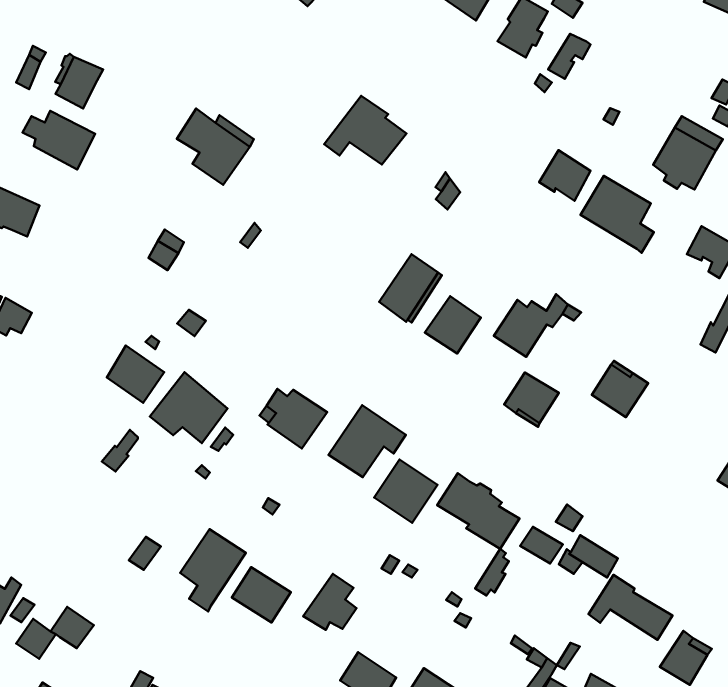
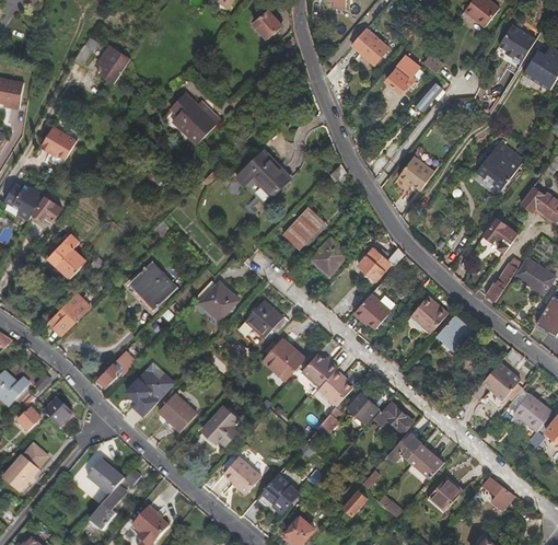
building: [324,96,406,165] -> [235,151,289,197]
building: [23,111,95,170] -> none
building: [581,176,654,253] -> none
building: [107,345,164,403] -> [48,241,85,279]
building: none -> [435,316,473,355]
building: none -> [53,294,89,331]

